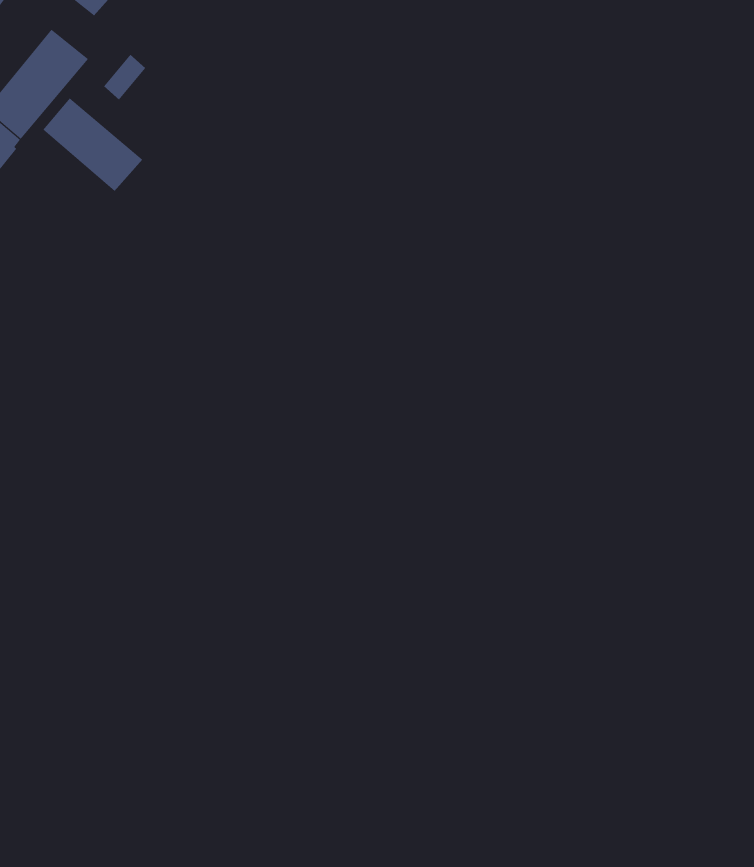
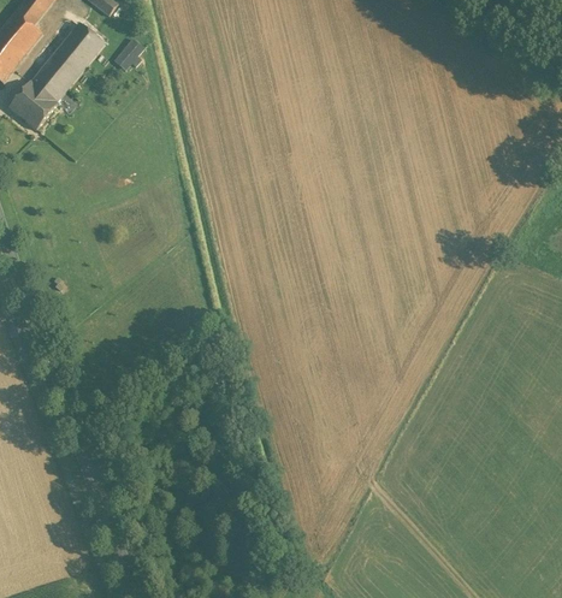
building: [43,98,143,192] -> none

